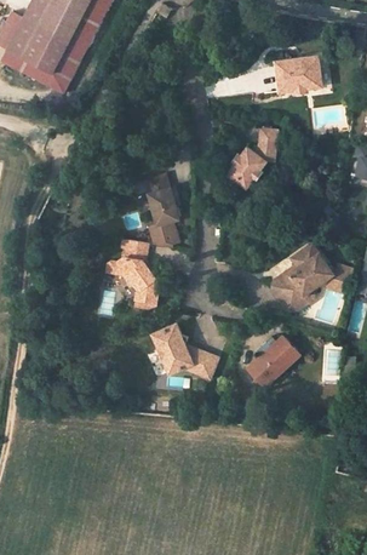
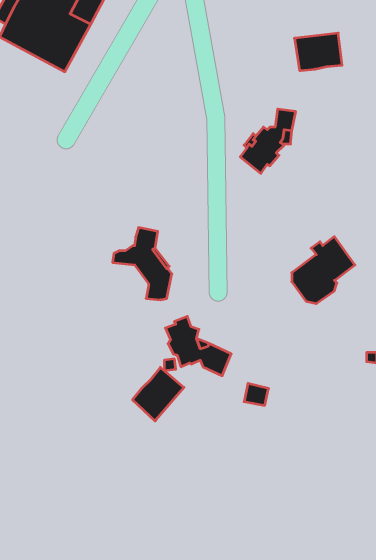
building: [144,176,177,247] -> none
building: [247,336,300,388] -> none
building: none -> [133,367,184,421]

